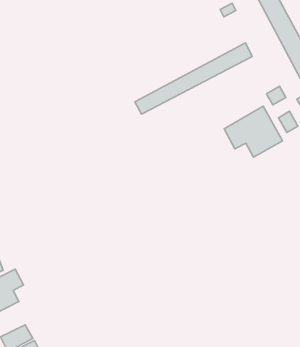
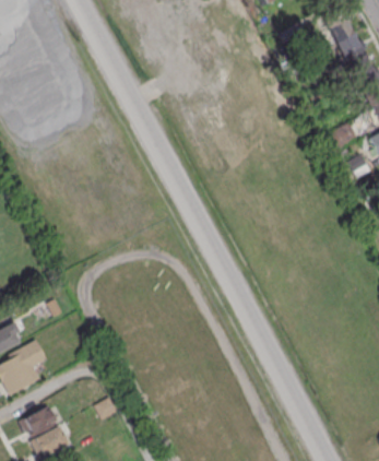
building: [135,43,252,114] -> none
building: [224,106,282,157] -> none

